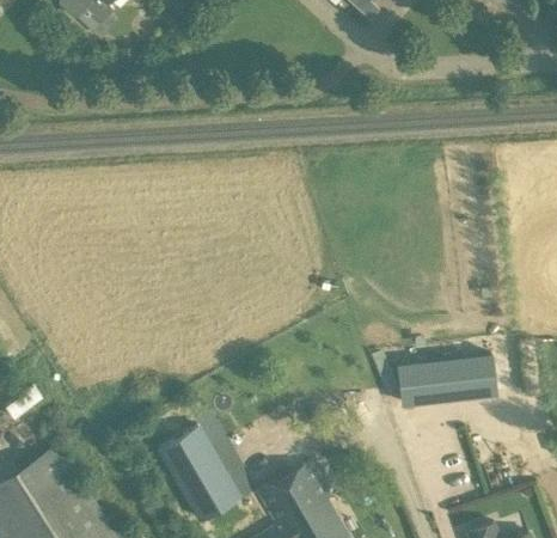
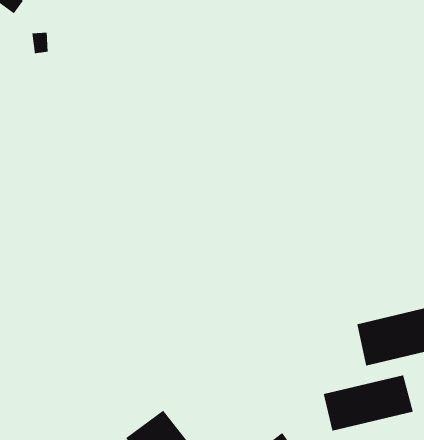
building: none -> [323,374,414,431]

